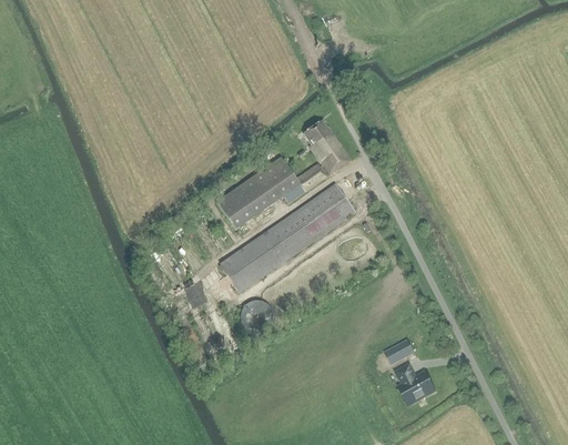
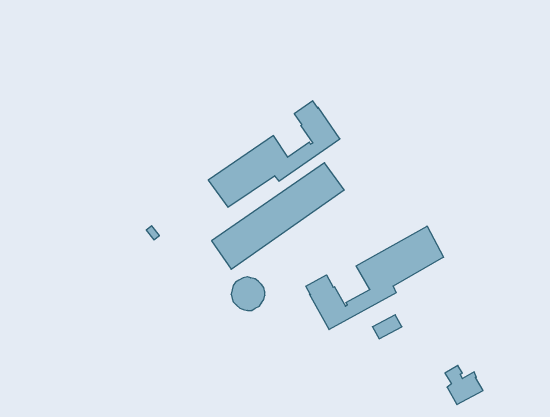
building: none -> [306,226,444,330]
building: [396,364,435,404] -> [445,365,483,405]

